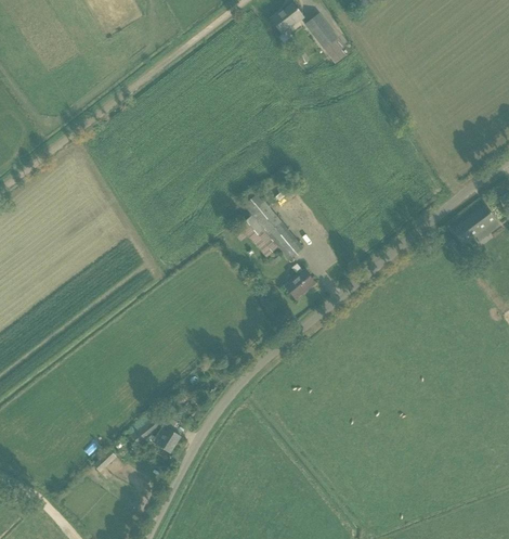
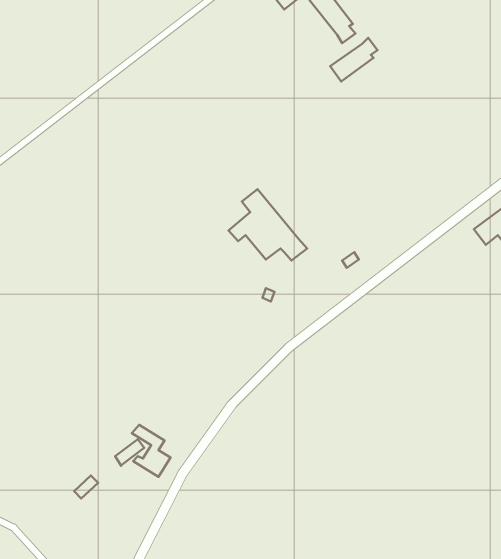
building: none -> [330,38,378,81]
building: [286,264,316,299] -> none

